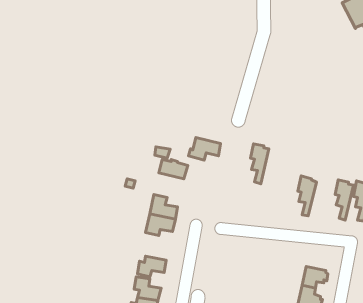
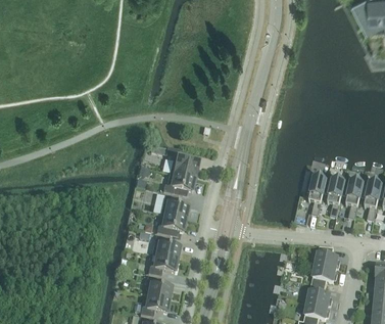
building: [189,137,220,160] -> [162,173,194,195]
building: [250,144,269,184] -> [326,178,344,218]
building: none -> [153,235,180,260]
building: none -> [316,246,340,270]

